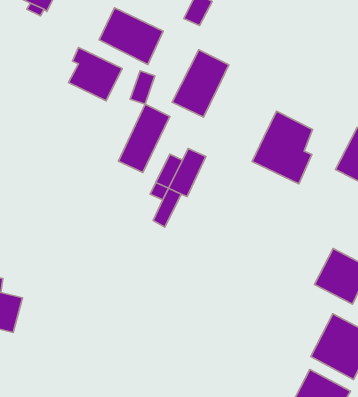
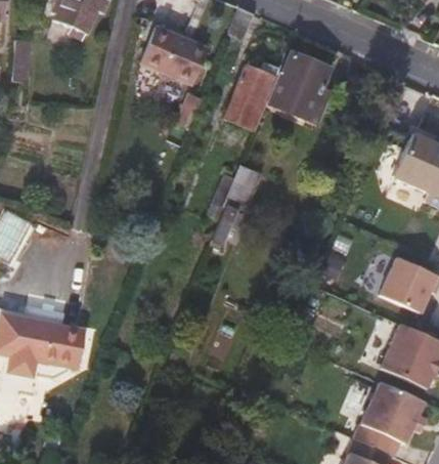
building: [69,48,122,101] -> none
building: [119,104,170,173] -> none
building: [252,111,313,184] -> [267,49,327,122]

